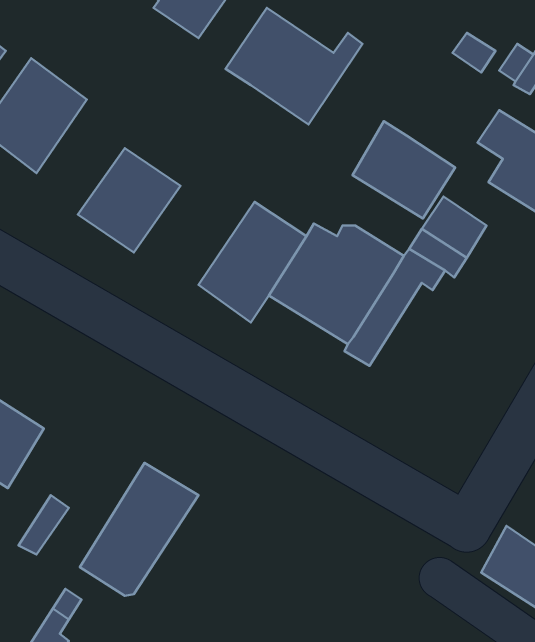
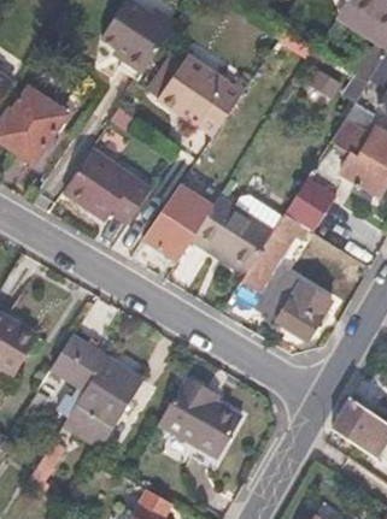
building: [353,121,455,219] -> none
building: none -> [100,172,152,223]
building: none -> [263,275,333,342]
building: none -> [51,335,107,434]
building: none -> [159,377,241,470]

